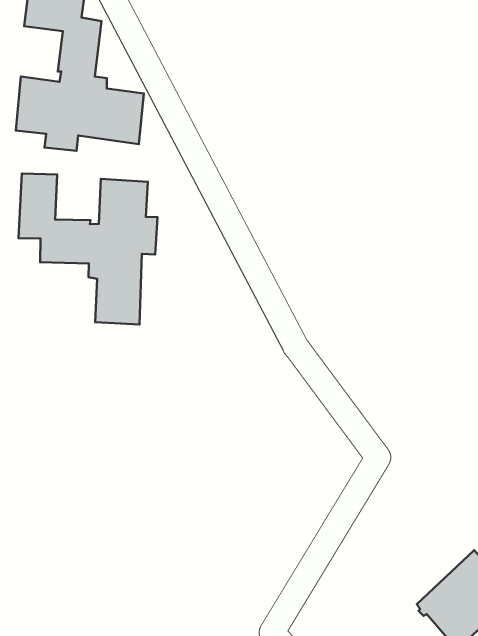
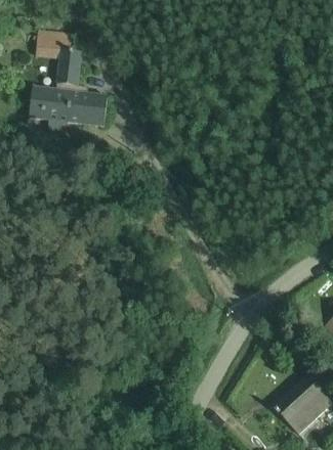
building: [18,174,158,325] -> none

